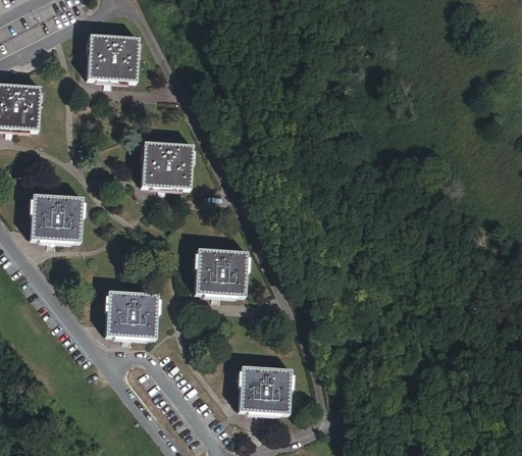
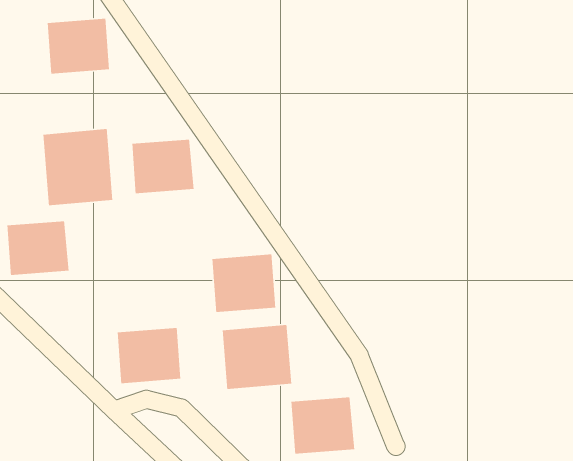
building: none -> [42,128,113,206]
building: none -> [222,324,292,390]

